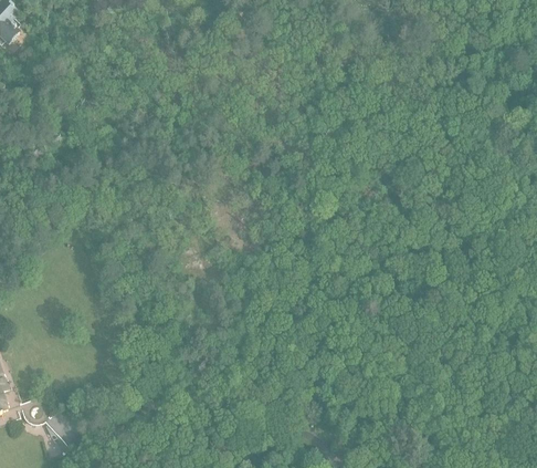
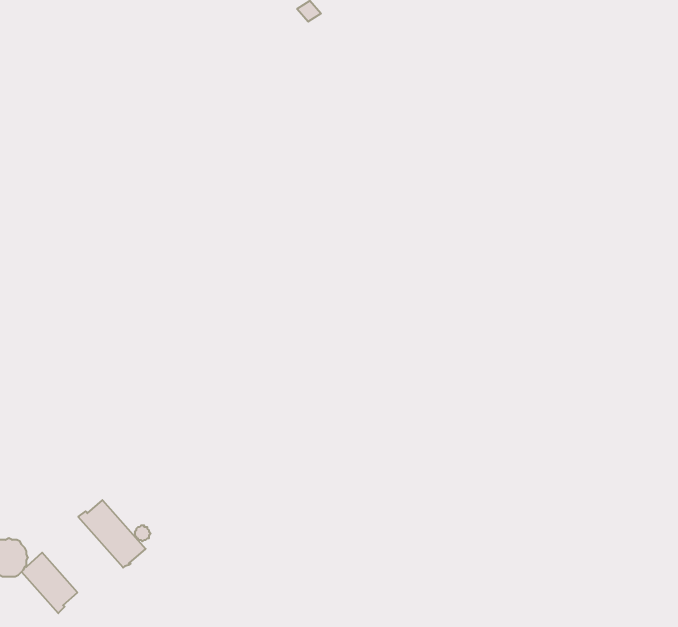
building: none -> [78,500,146,568]

